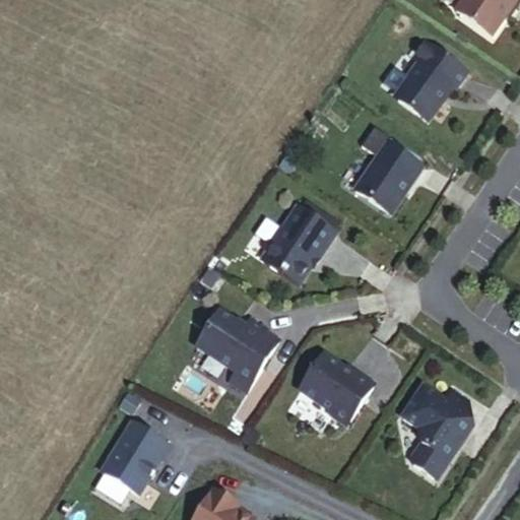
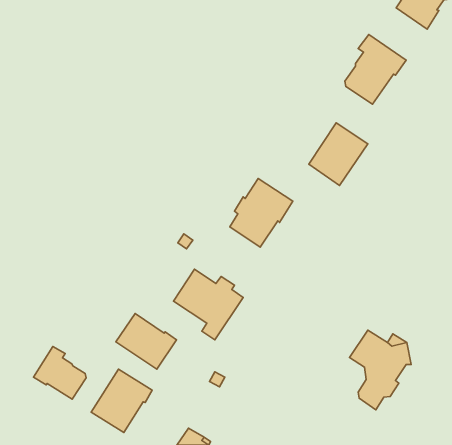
building: [297,350,373,422] -> none
building: none -> [116,314,176,369]
building: none -> [34,346,86,399]

